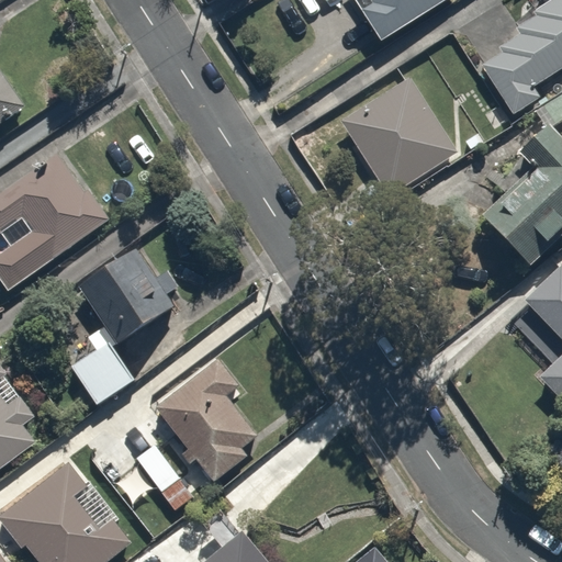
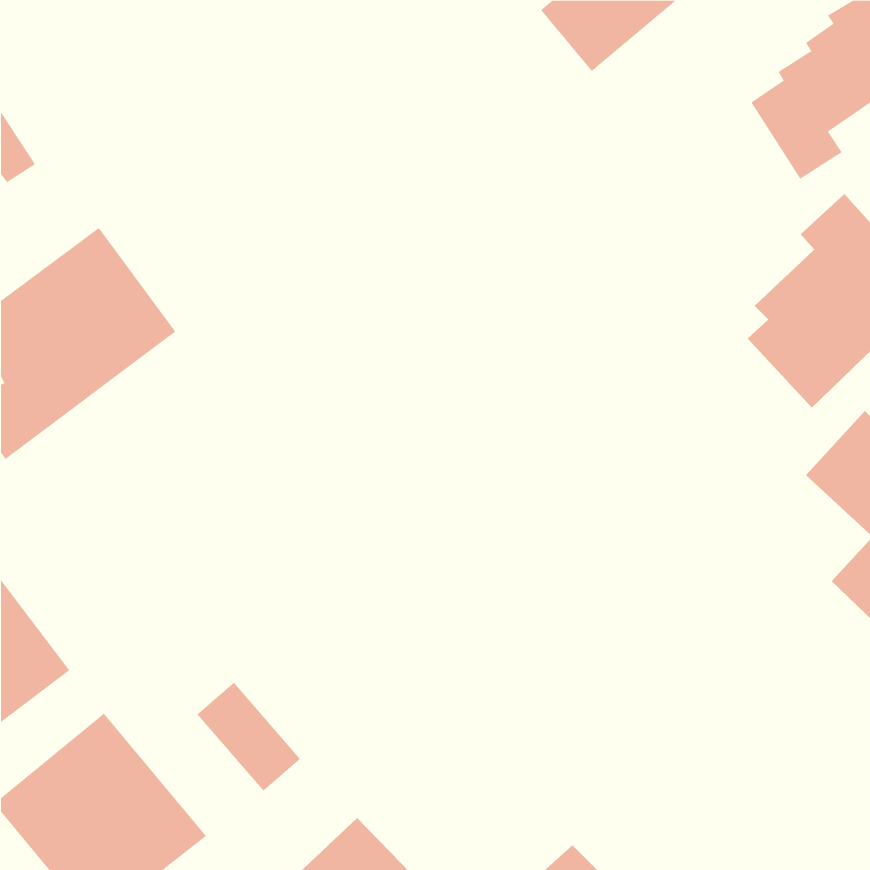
building: [342,79,459,196] -> none
building: [65,245,177,404] -> none
building: [139,351,258,484] -> none

